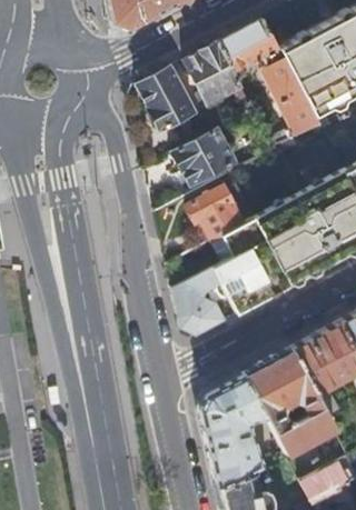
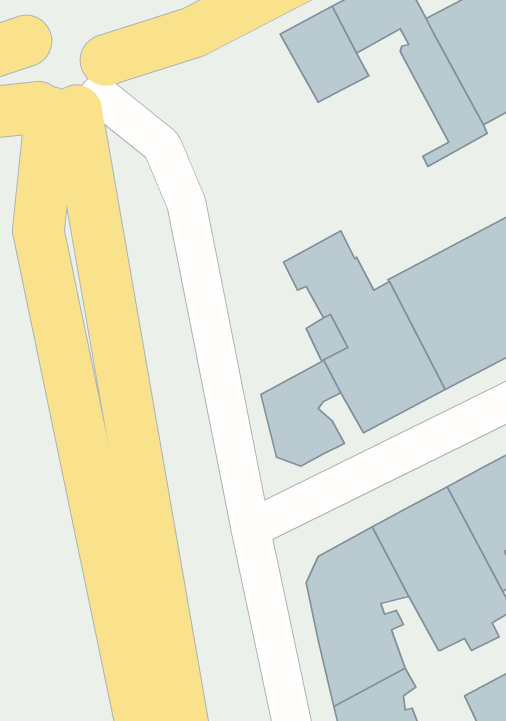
building: [139,68,196,130] -> none
building: [175,130,236,184] -> none

